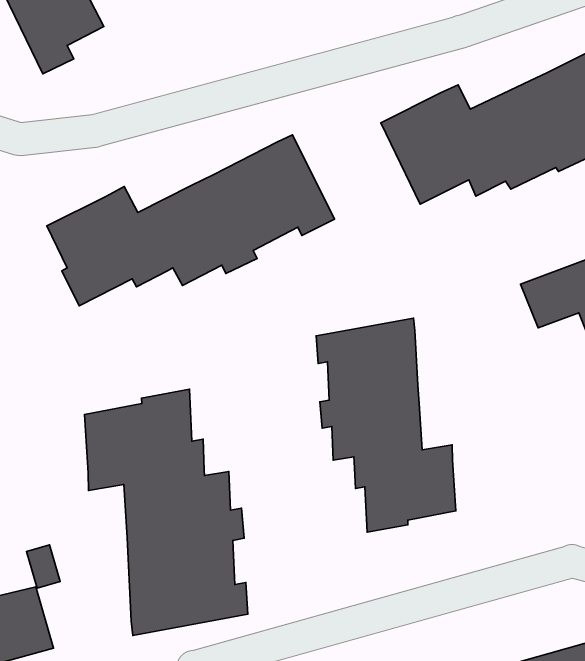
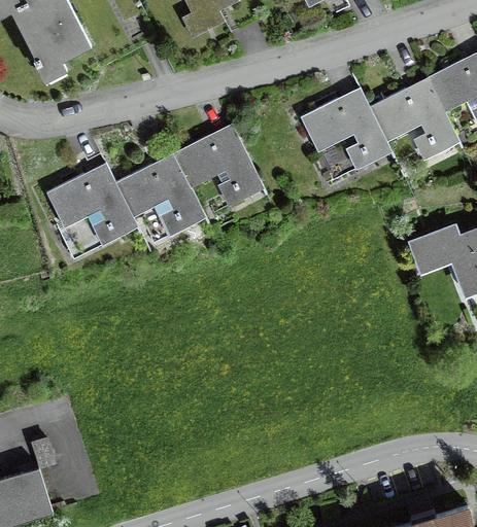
building: [316,318,456,532] -> none
building: [85,389,248,635] -> none

